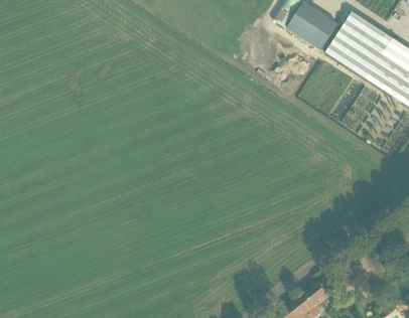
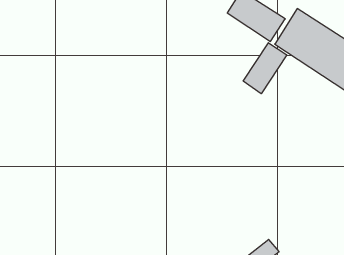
building: none -> [243,43,287,94]

